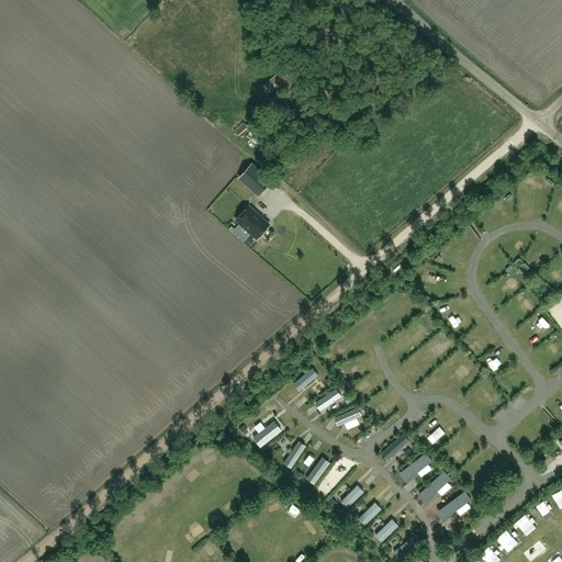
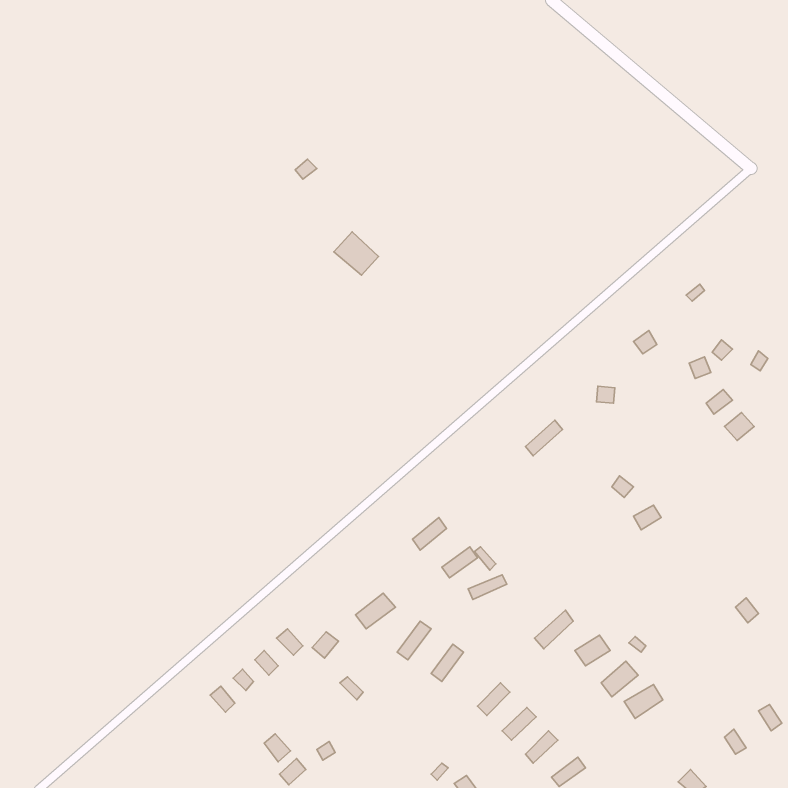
building: [235,207,268,239] -> none

